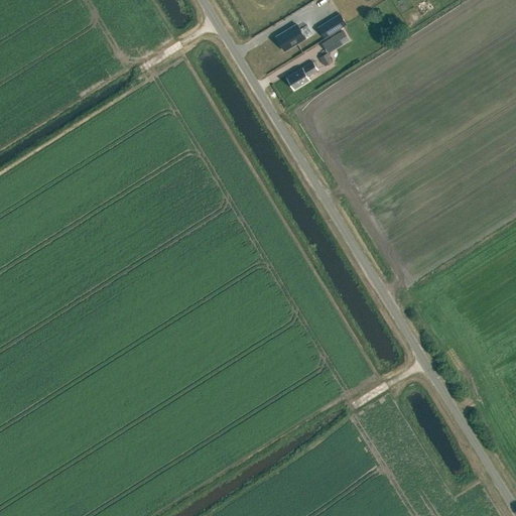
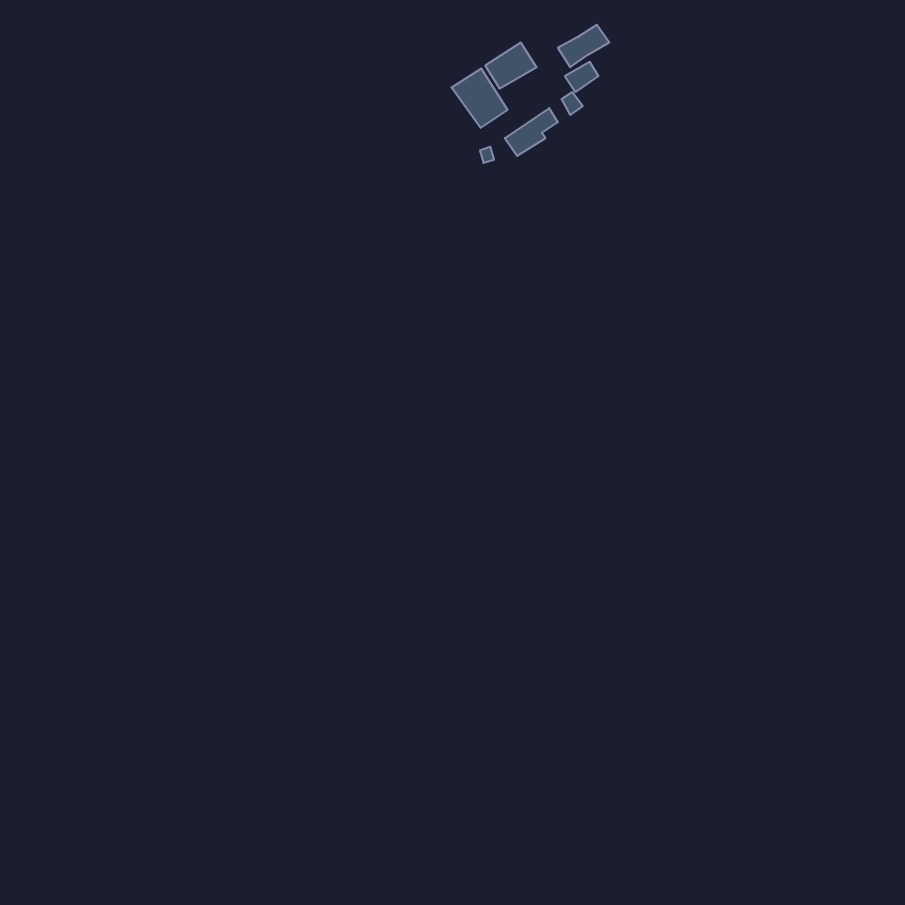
building: none -> [451,68,508,128]

